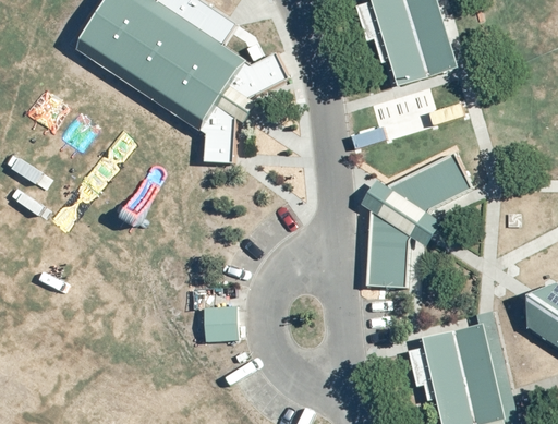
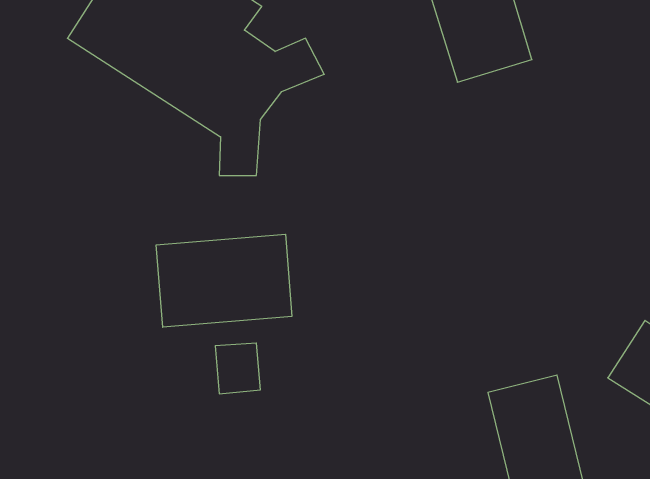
building: [355,150,468,287] -> none
building: none -> [156,234,292,327]

